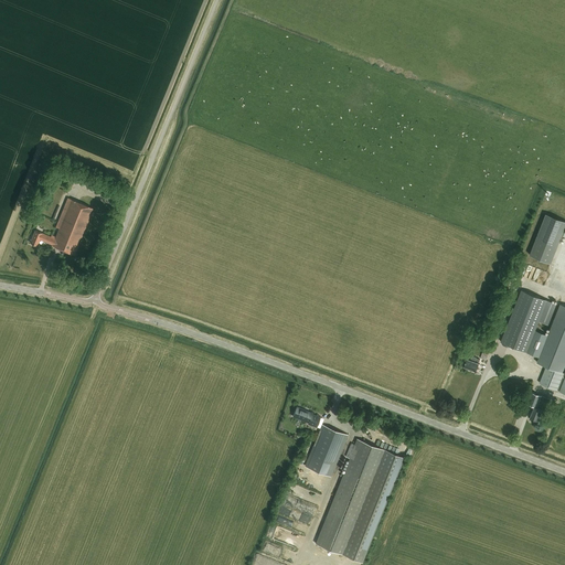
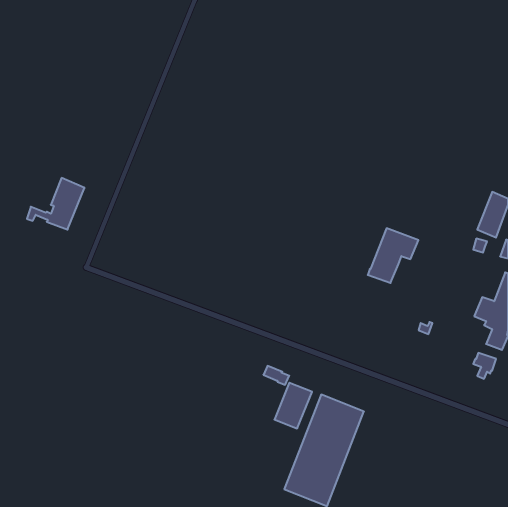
building: [501,291,557,352] -> [368,228,418,283]

